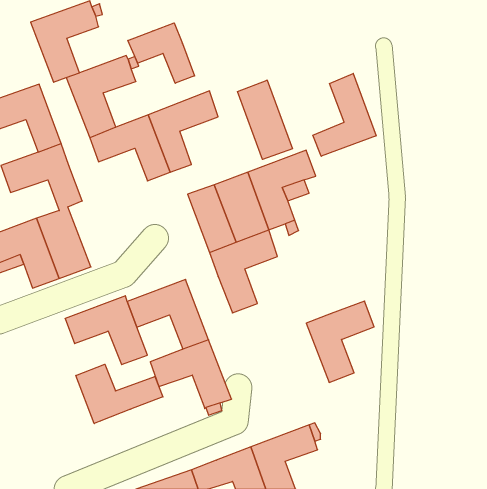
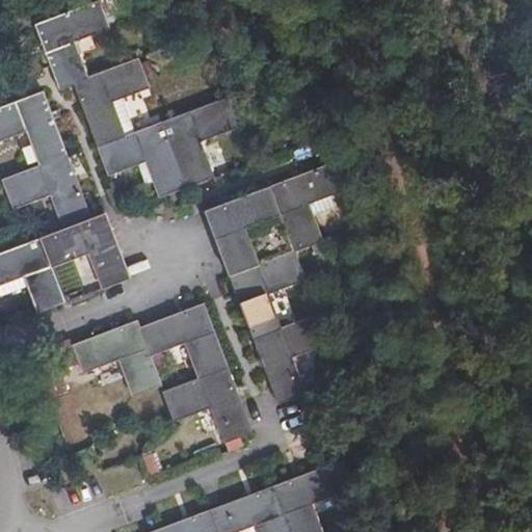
building: [128,23,195,83] -> none
building: [313,73,376,156] -> none
building: [238,80,292,159] -> none
building: none -> [74,213,129,290]
building: [306,301,374,382] -> [252,316,326,404]
building: [76,364,163,424] -> none

